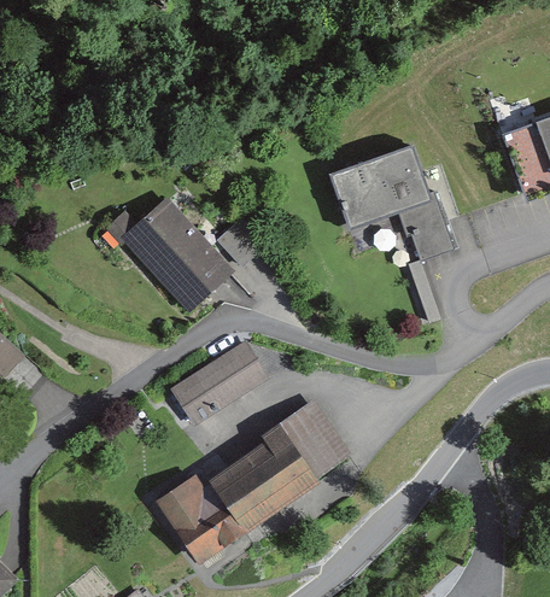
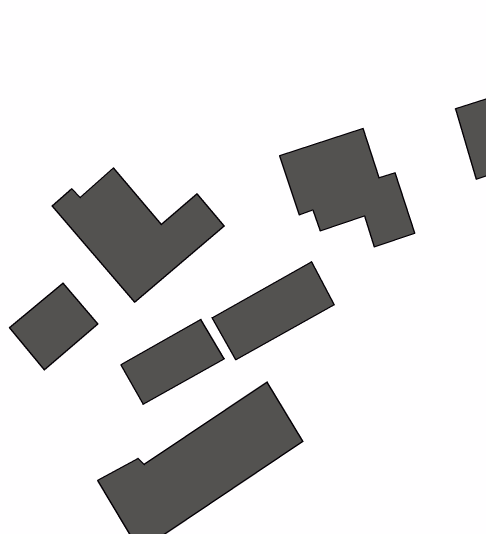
building: none -> [212,262,334,360]
building: none -> [10,283,98,370]

